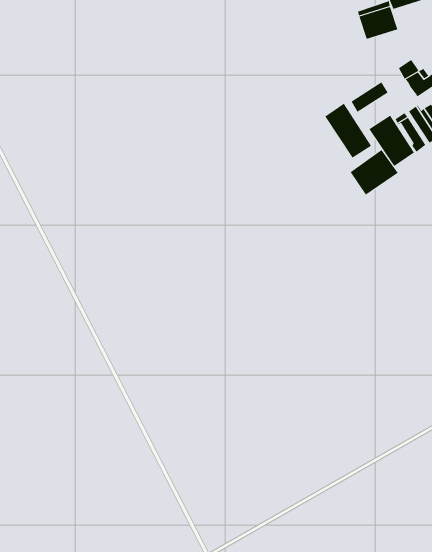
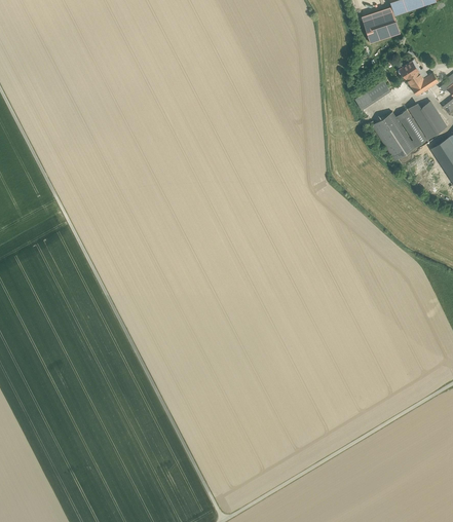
building: [324,103,372,158] -> none
building: [350,149,398,195] -> none

